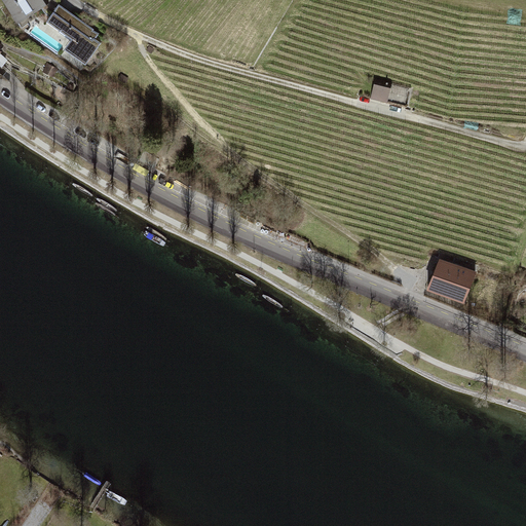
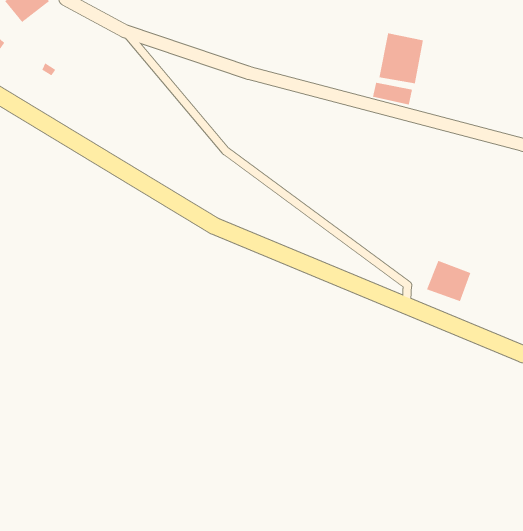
building: [50,7,104,62] -> none
building: none -> [379,33,423,84]

